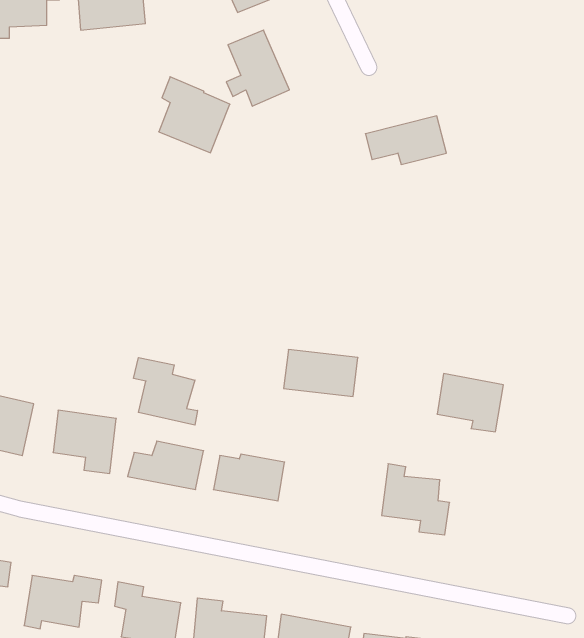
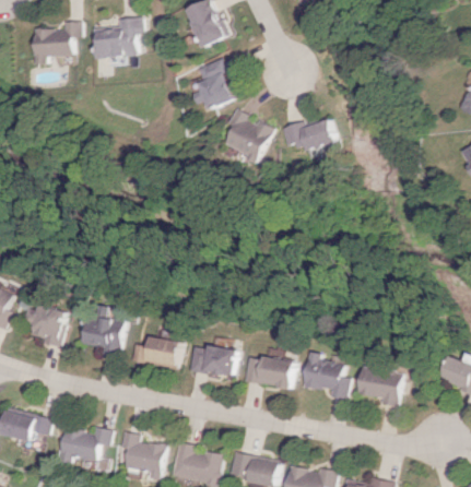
building: [159,77,230,153] -> [231,109,279,161]
building: [284,350,358,396] -> [242,356,292,388]
building: [134,358,197,425] -> none
building: [437,374,503,432] -> [355,367,400,406]

